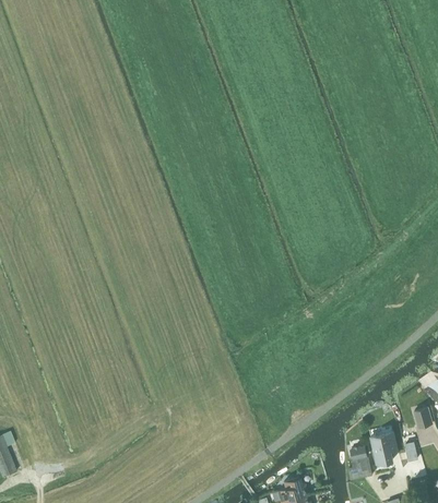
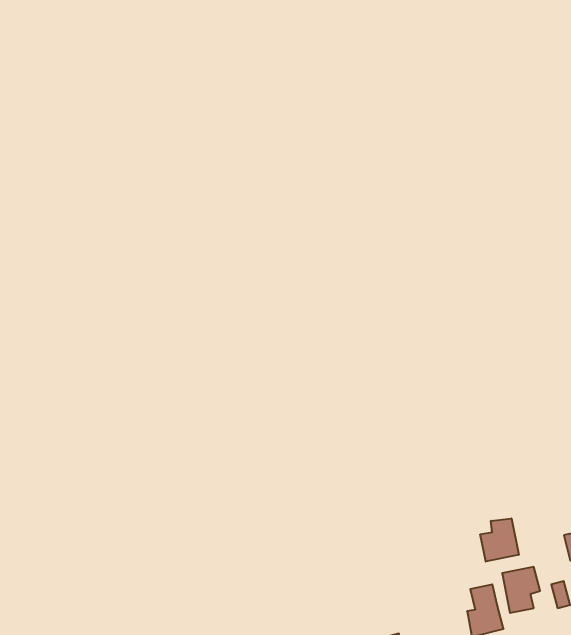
building: none -> [480,518,519,562]

